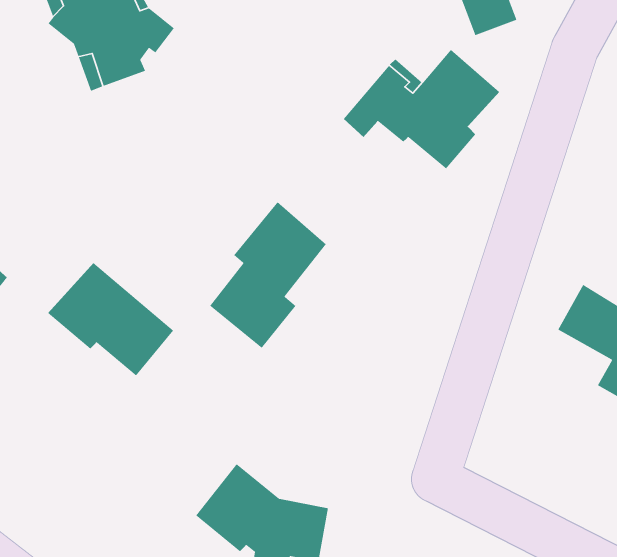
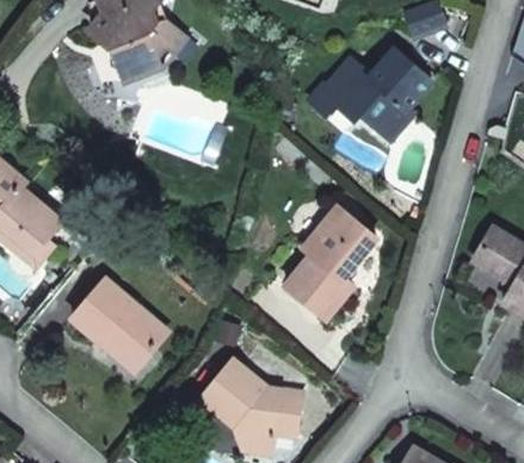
building: [209,201,327,349] -> [285,205,374,316]
building: [47,262,174,377] -> [70,278,166,364]

